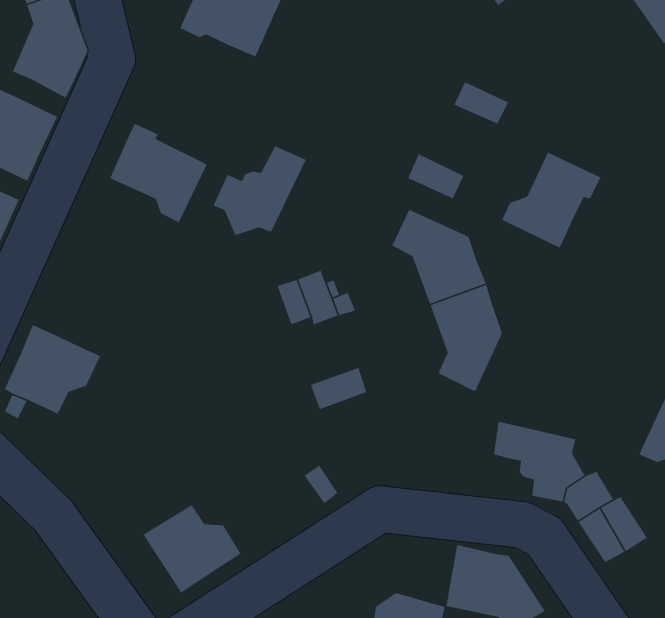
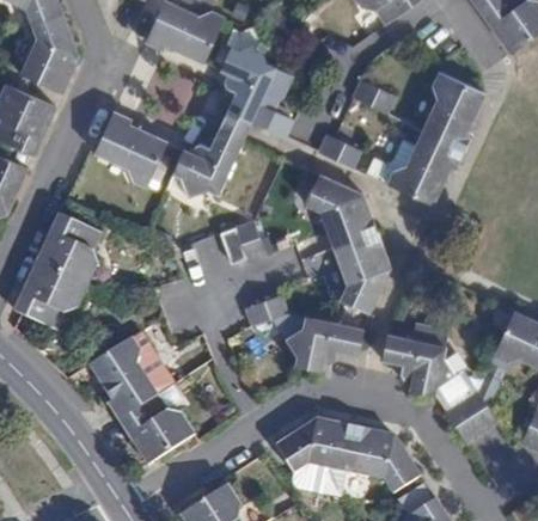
building: none -> [219,42,292,136]
building: none -> [422,73,483,151]
building: none -> [36,215,98,284]
building: none -> [285,315,361,368]
building: none -> [90,331,172,418]
building: none -> [275,418,354,472]

